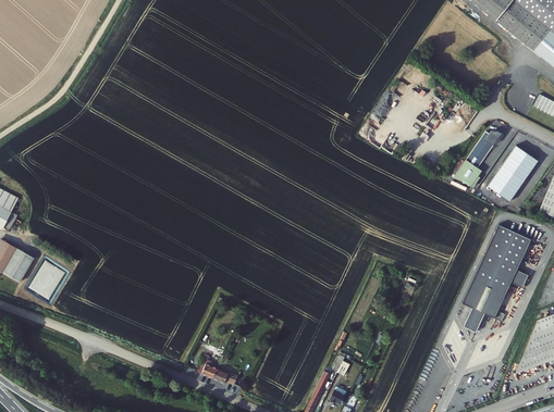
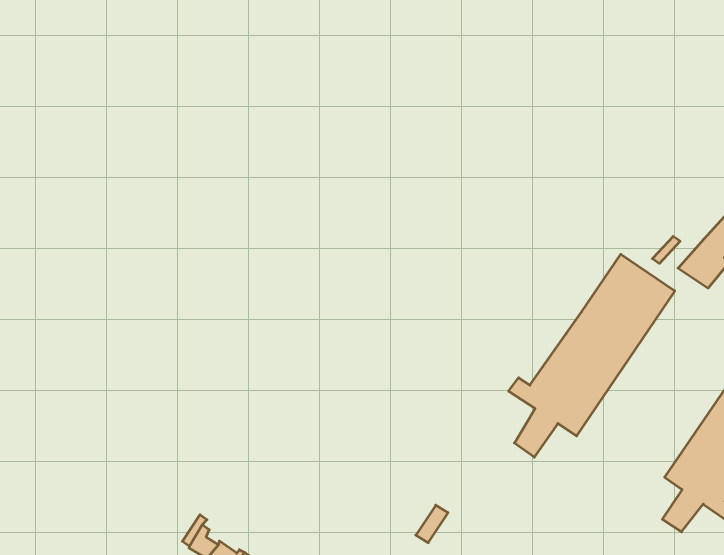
building: none -> [509,254,675,457]

